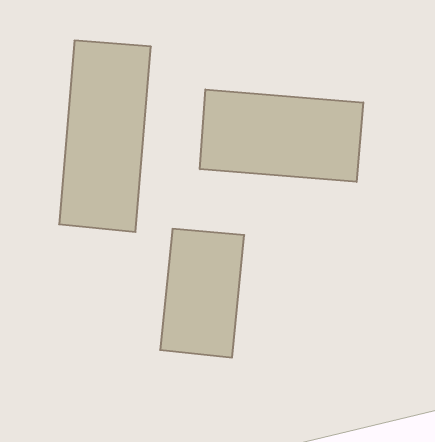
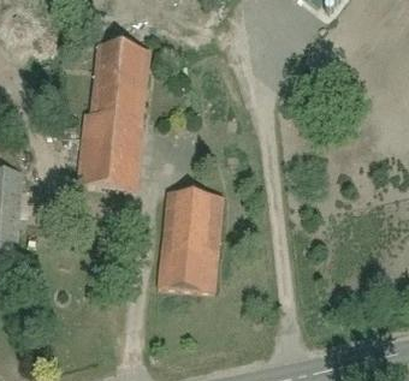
building: [200,89,363,182] -> none

